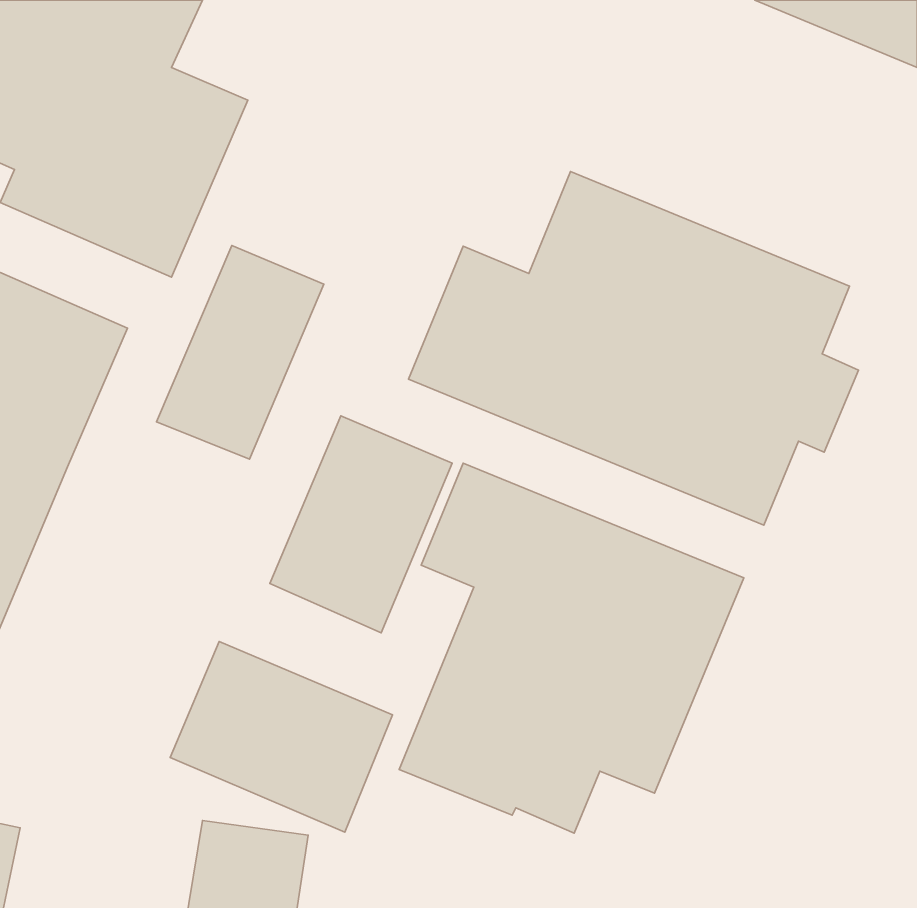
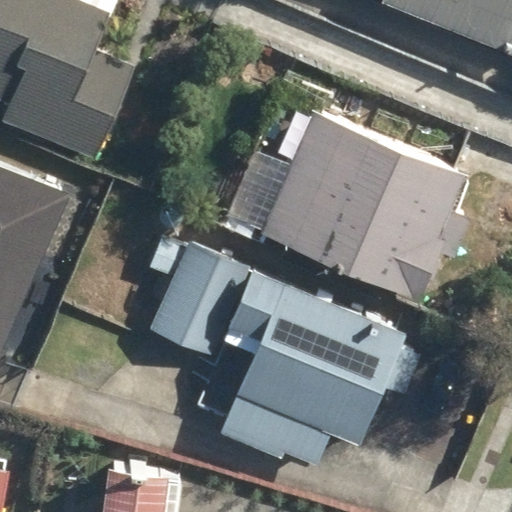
building: [157,246,324,459] -> none
building: [170,641,392,832] -> none

